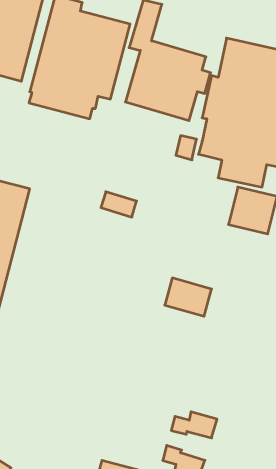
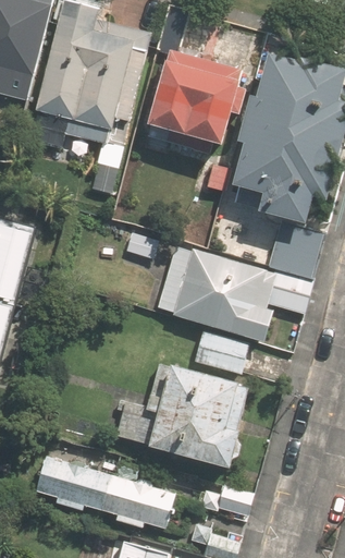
building: none -> [158,247,311,341]
building: none -> [114,365,247,469]
building: none -> [35,454,175,527]

